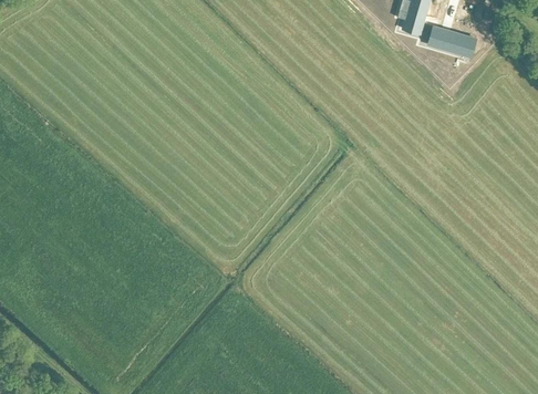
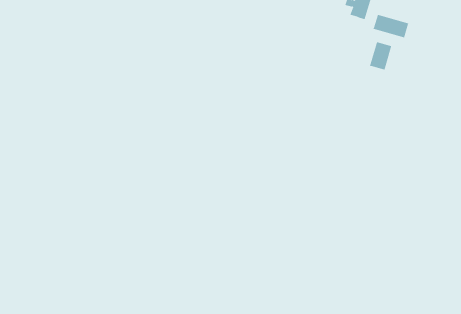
building: none -> [369,37,393,71]

